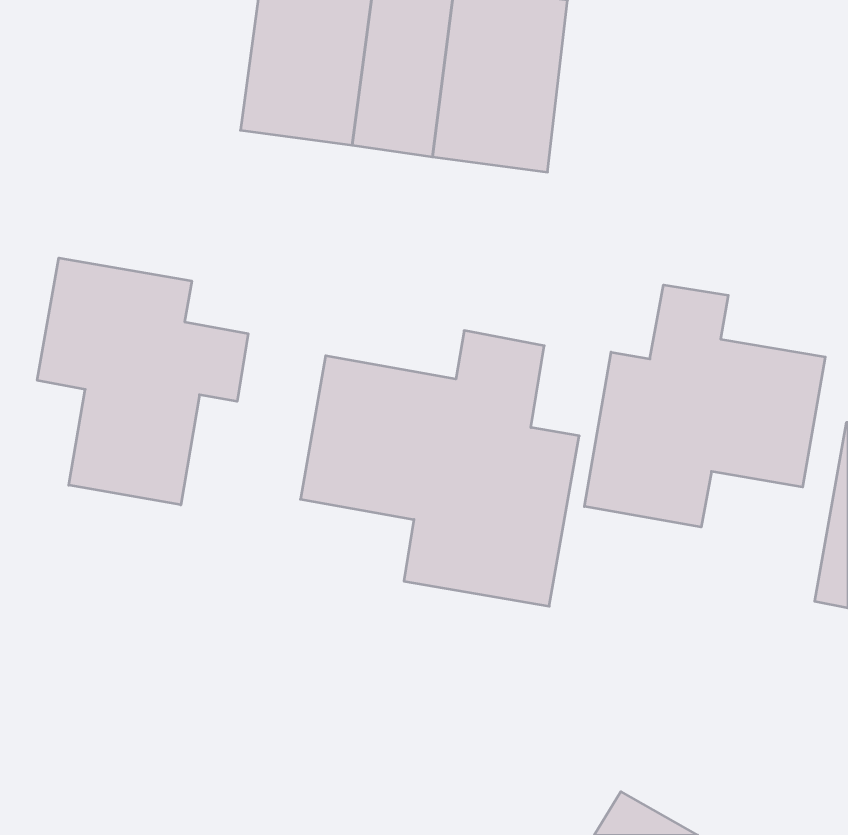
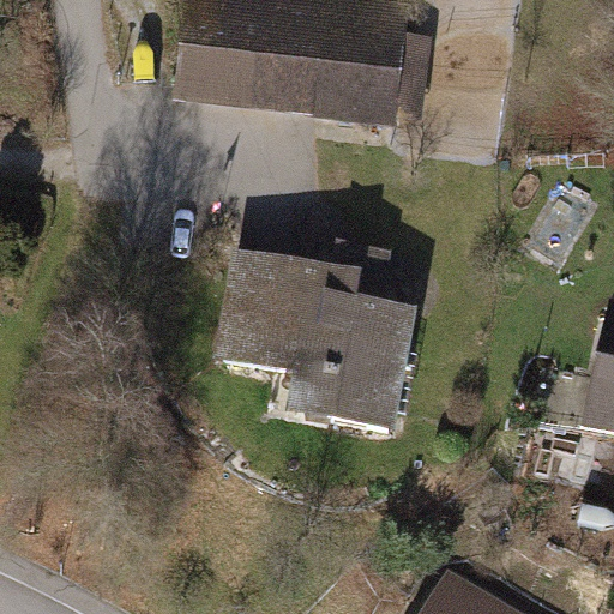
building: [37,258,248,505] -> none
building: [584,285,825,527] -> none

